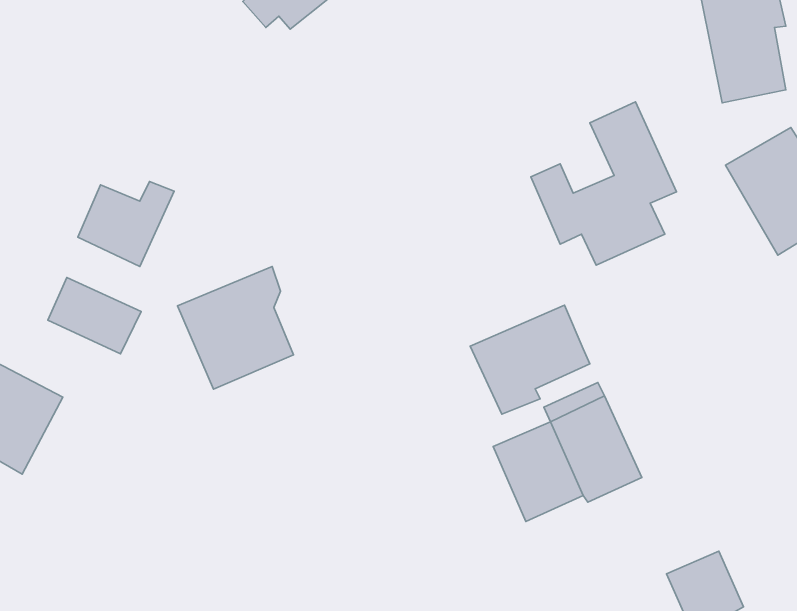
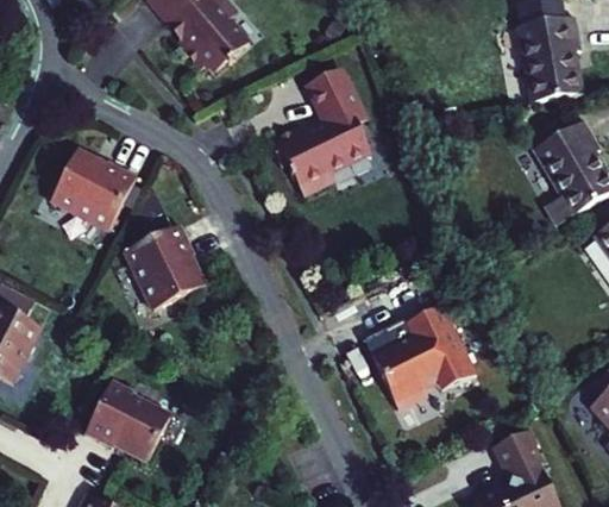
building: [531,102,676,265] -> [262,76,368,195]
building: [48,278,141,354] -> none
building: [470,305,590,414] -> none
building: none -> [100,373,181,449]

